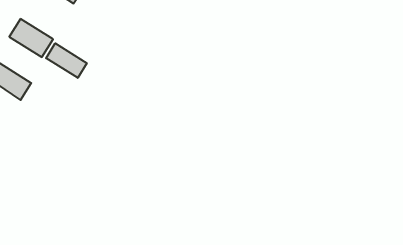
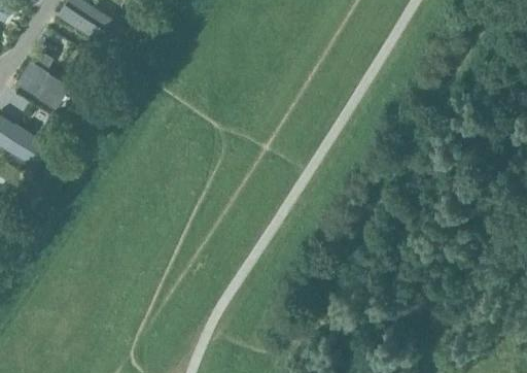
building: [46,43,87,78] -> none

